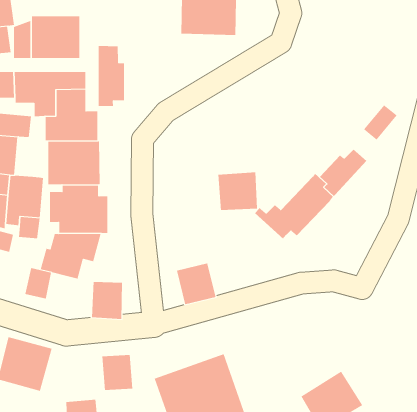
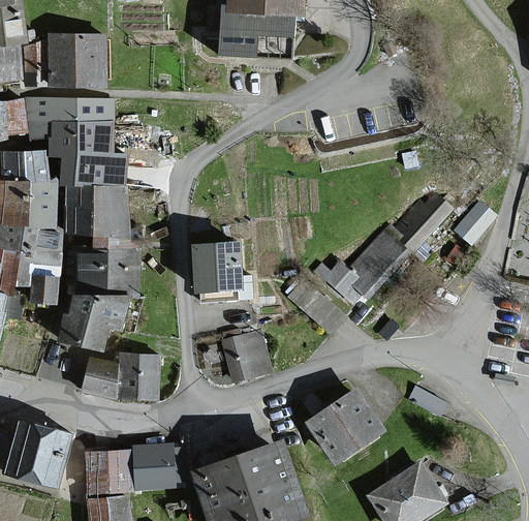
building: [98,45,125,107] -> none
building: [363,104,397,140] -> [452,201,493,244]
building: none -> [26,179,57,227]
building: [217,172,258,210] -> [192,243,241,289]
building: [24,267,52,299] -> [82,357,115,395]
building: none -> [308,390,382,461]
building: none -> [87,450,126,491]

